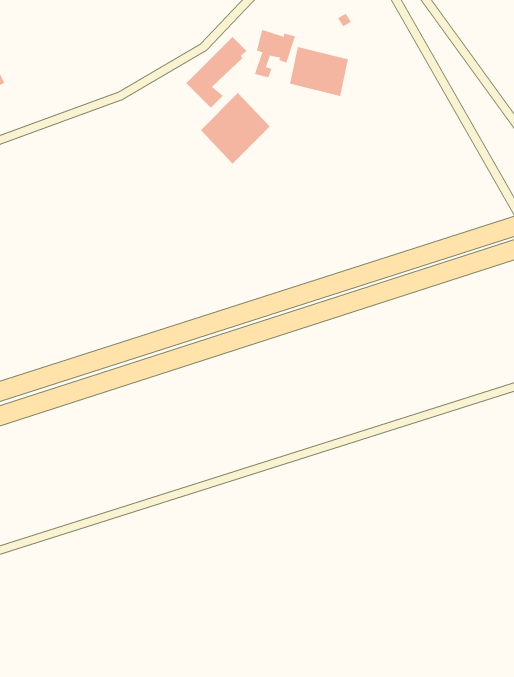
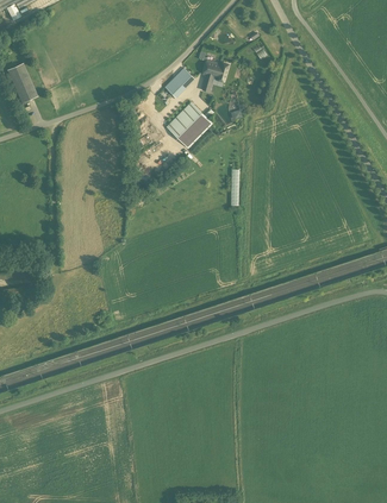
building: [289,46,349,97] -> none

